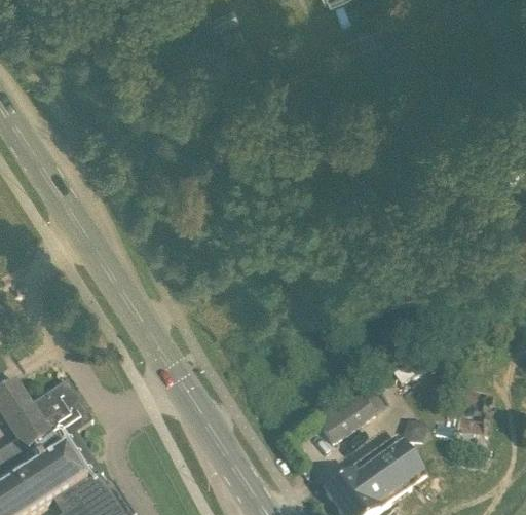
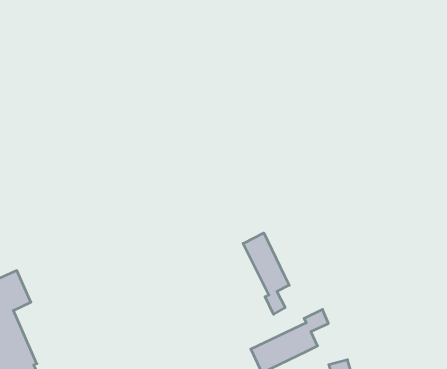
building: none -> [243,233,289,314]

